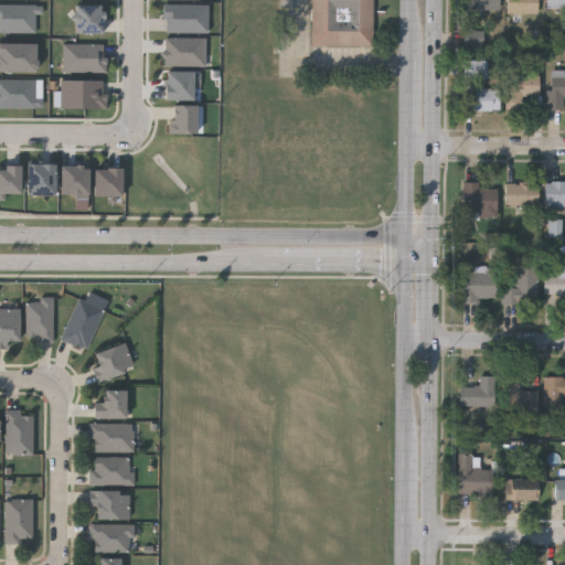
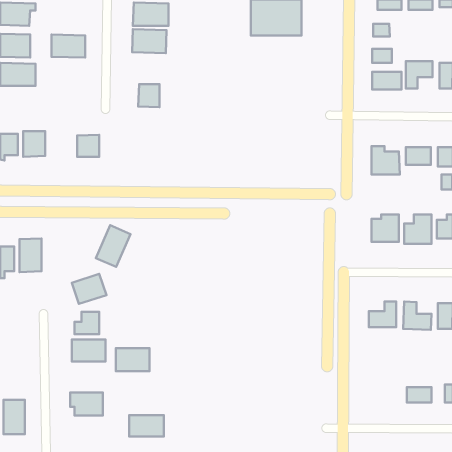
building: [75,4,106,33] -> none
building: [168,71,203,99] -> none
building: [63,79,109,108] -> none
building: [63,166,92,198] -> none
building: [61,297,104,349] -> [96,225,130,267]
building: [6,409,33,454] -> none
building: [458,455,493,495] -> none
building: [90,456,132,484] -> [116,348,149,371]
building: [89,523,132,550] -> [129,415,164,436]

